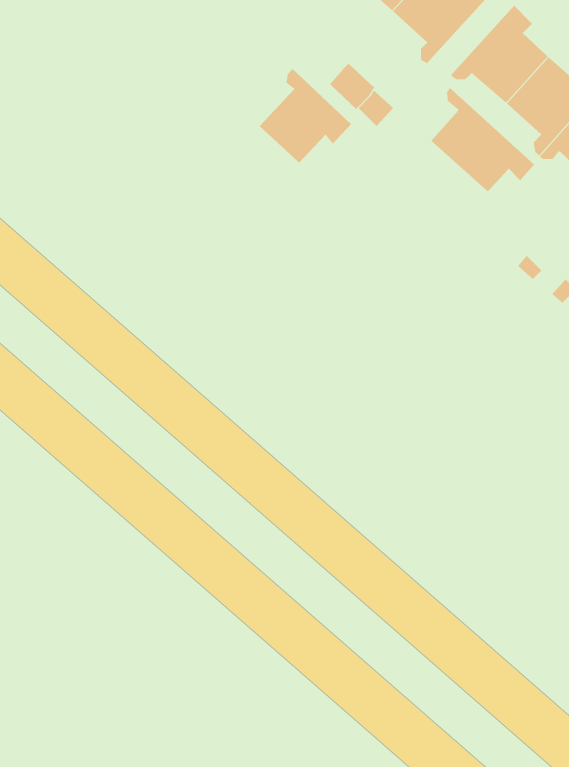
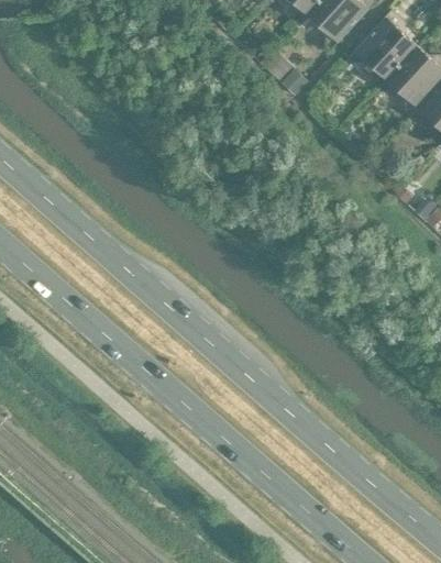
building: [259,68,352,163] -> none
building: [431,87,535,192] -> none

